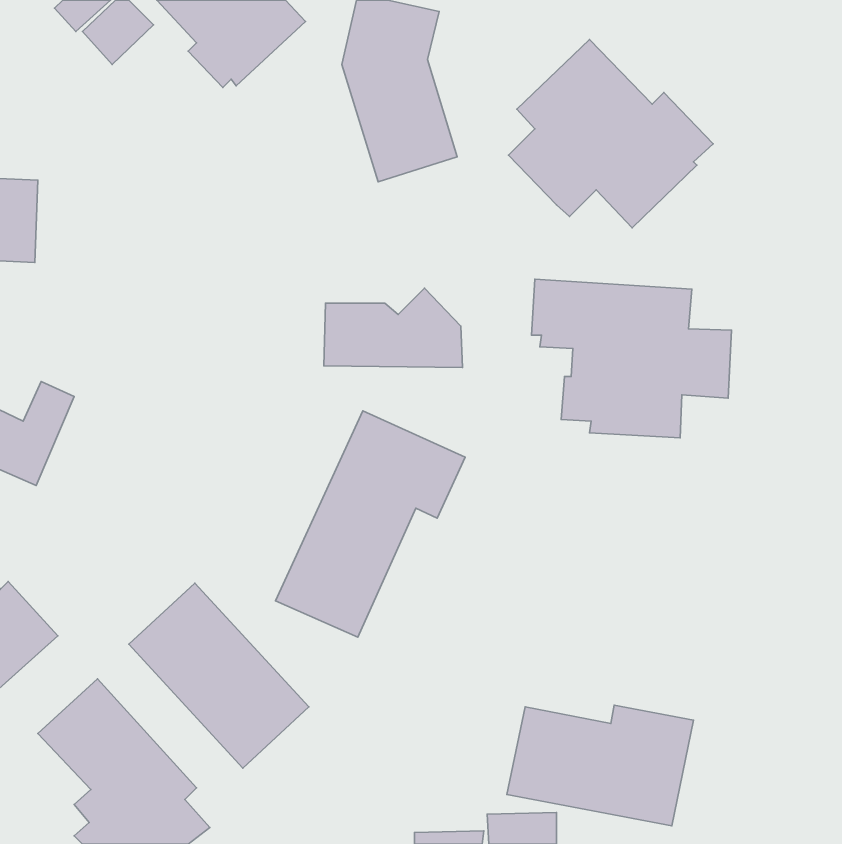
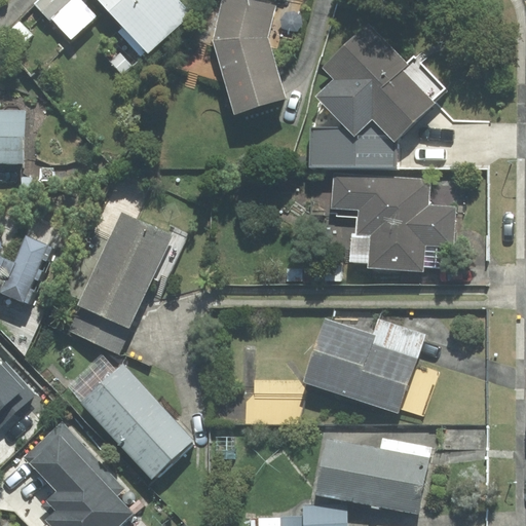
building: [324,288,462,367] -> [308,118,394,167]
building: [275,411,465,637] -> [67,211,185,351]
building: none -> [304,320,439,417]

